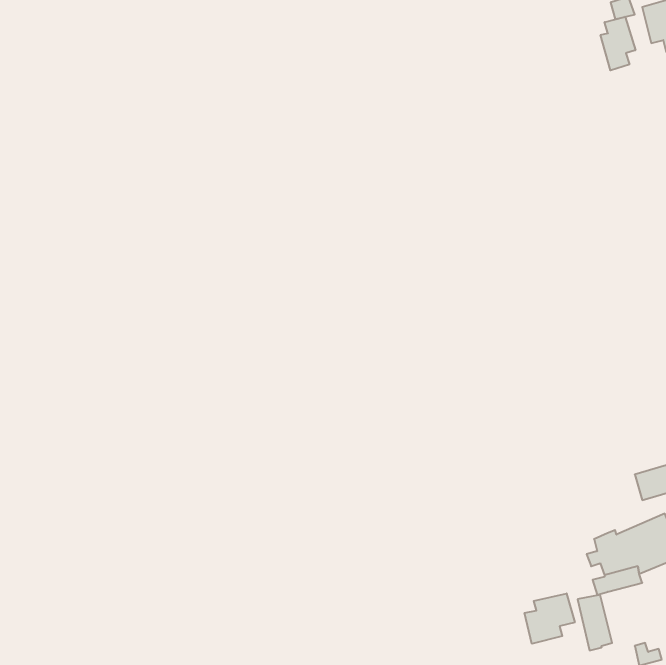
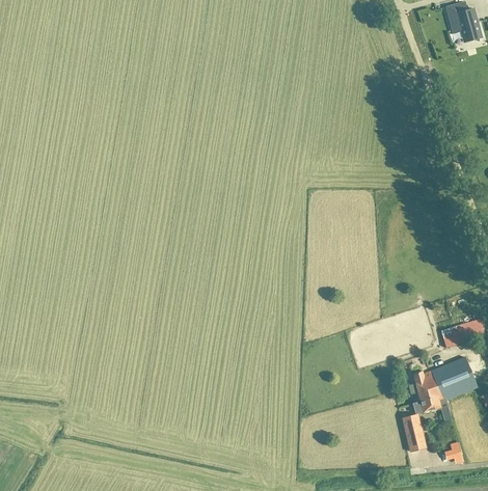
building: [601,17,635,70] -> none
building: [525,593,575,644] -> none

